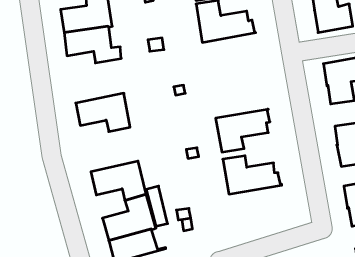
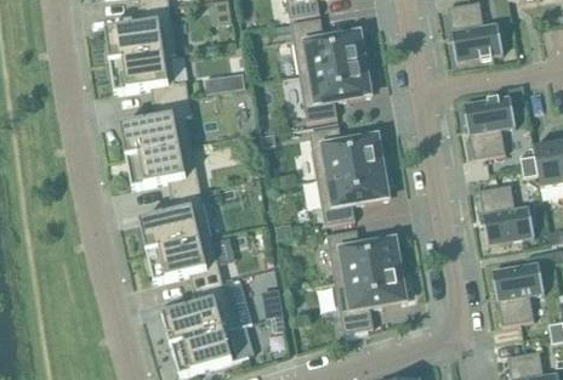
building: none -> [298,59,373,119]
building: none -> [120,95,192,155]
building: none -> [308,124,388,176]
building: none -> [140,188,211,249]
building: none -> [335,267,408,331]

